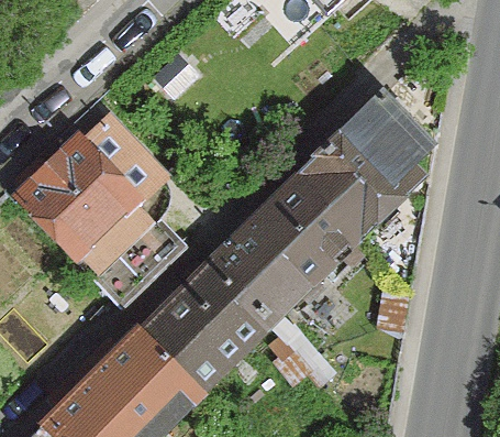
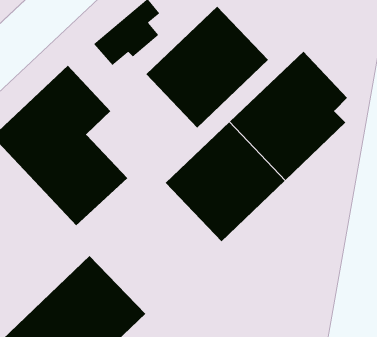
building: none -> [145,6,269,128]
building: [131,247,285,400] -> none

